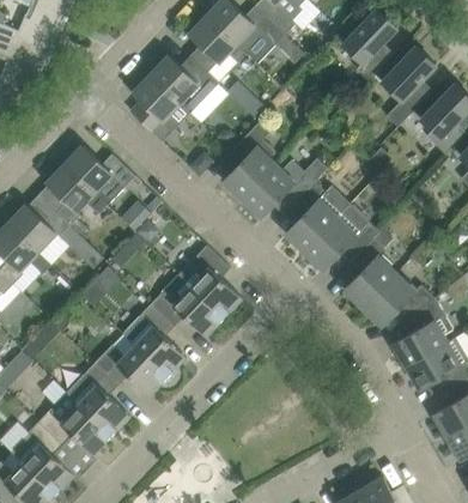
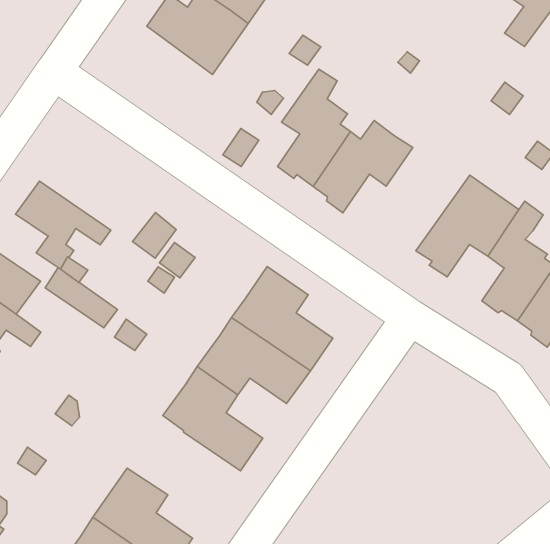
building: [130,74,188,141] -> none
building: [63,145,133,205] -> none
building: [284,181,347,249] -> none
building: [92,344,166,395] -> none

